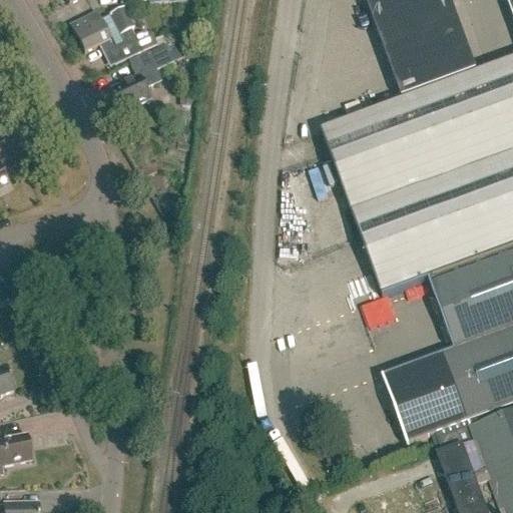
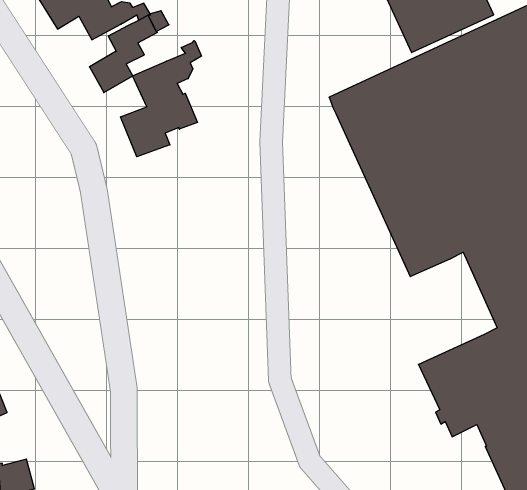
building: none -> [121,41,201,157]

